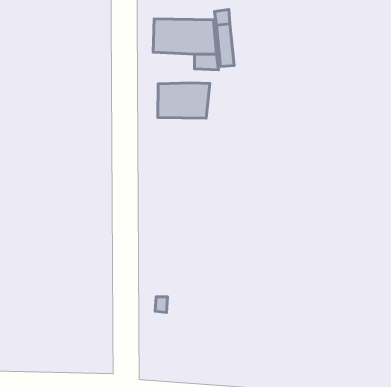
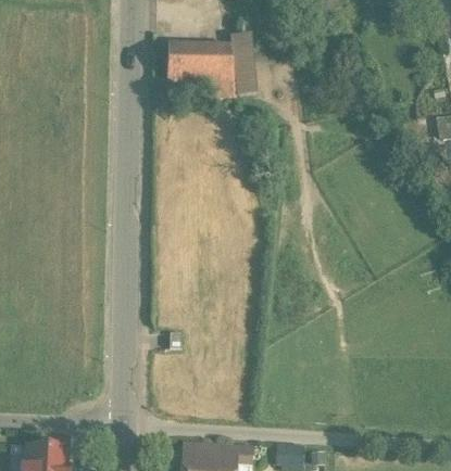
building: [158,83,210,118] -> none

